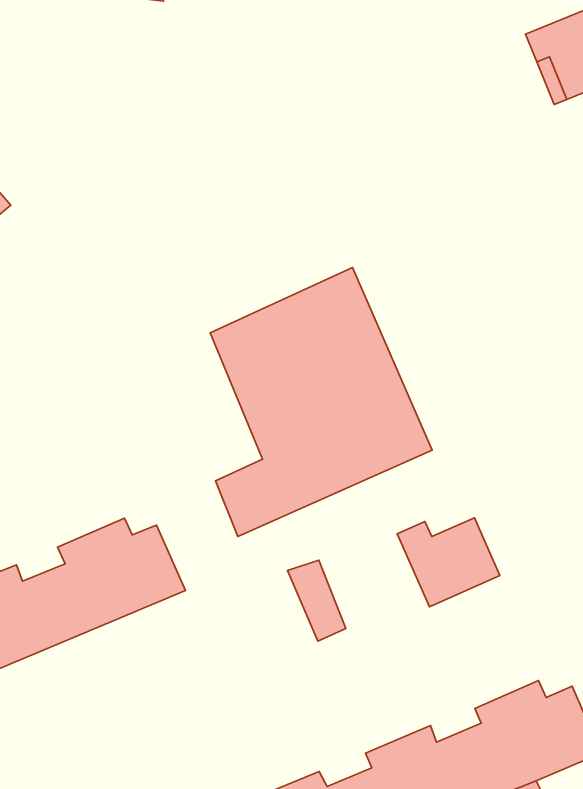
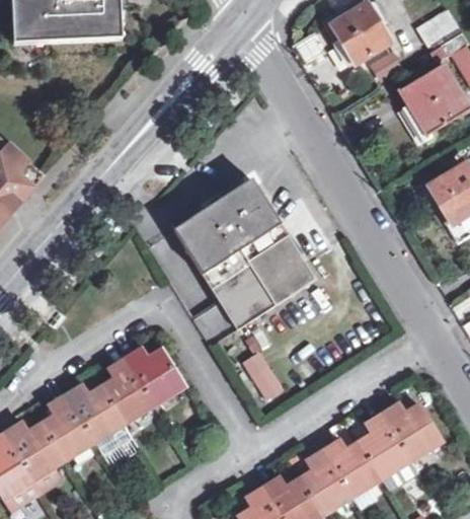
building: [397,518,500,607] -> none

